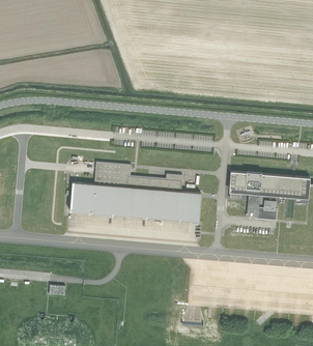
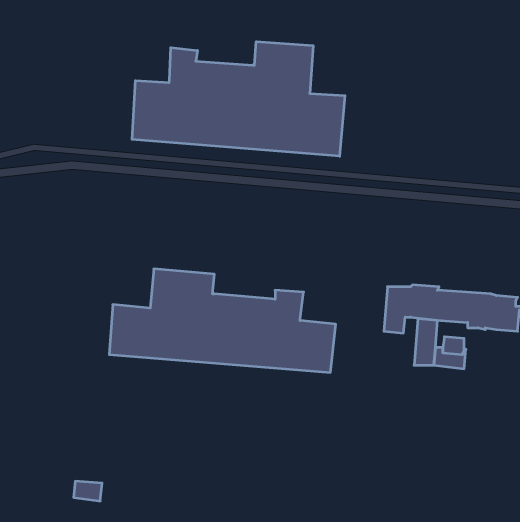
building: none -> [132,42,345,156]

